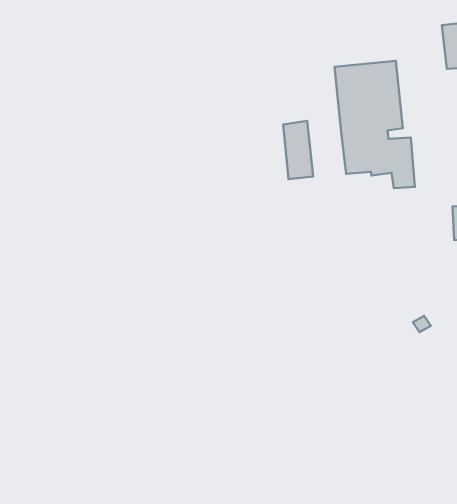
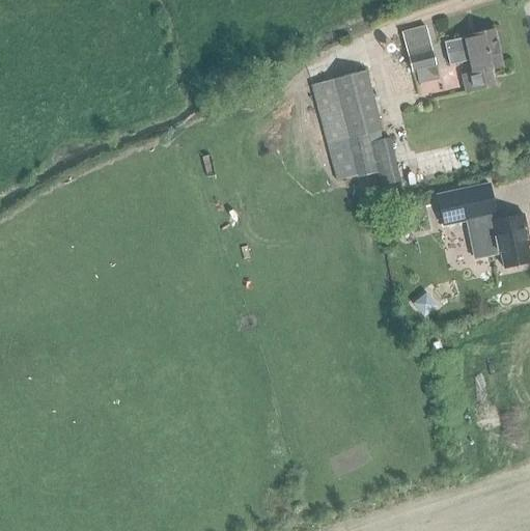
building: [283,121,313,179] -> none

